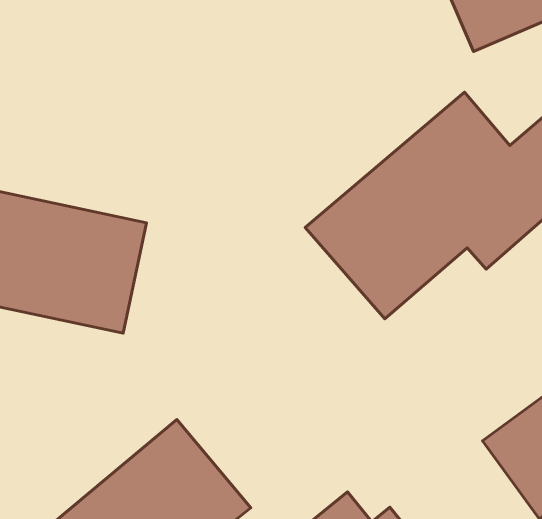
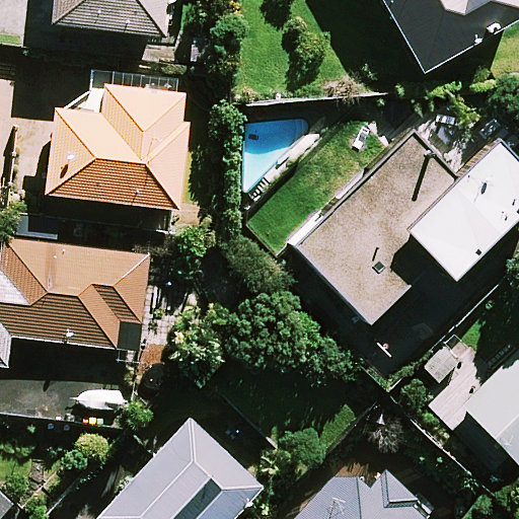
building: none -> [43,91,184,212]

